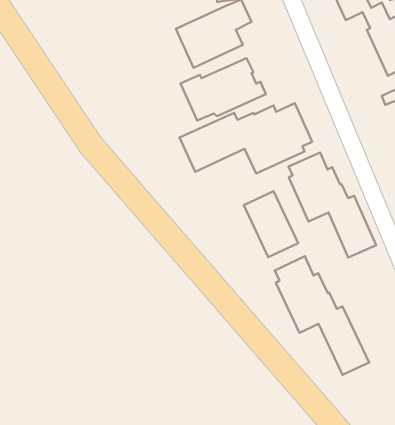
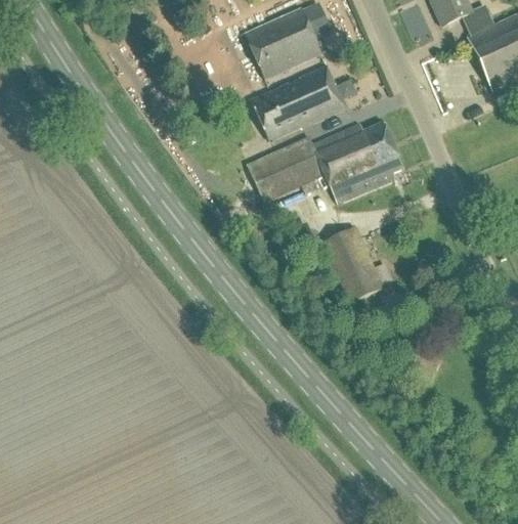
building: [289,152,376,258] -> none
building: [275,256,369,375] -> none

